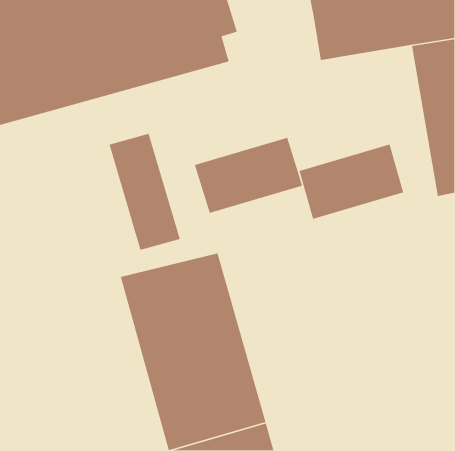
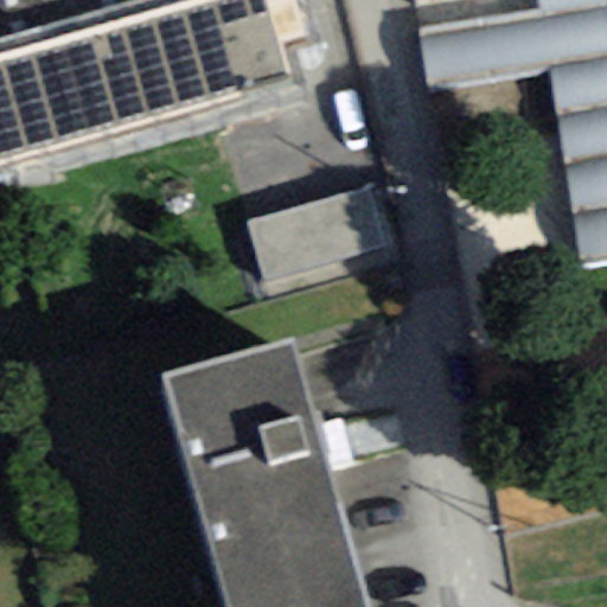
building: [108,133,181,251] -> none
building: [299,143,404,220] -> none

